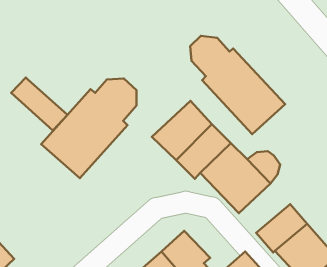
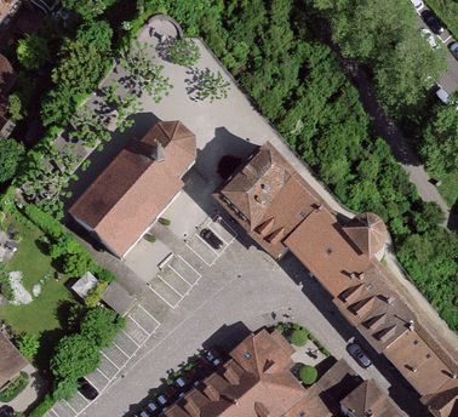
building: [190,36,285,134] -> none
building: [11,77,68,130] -> none
building: none -> [334,263,403,330]

